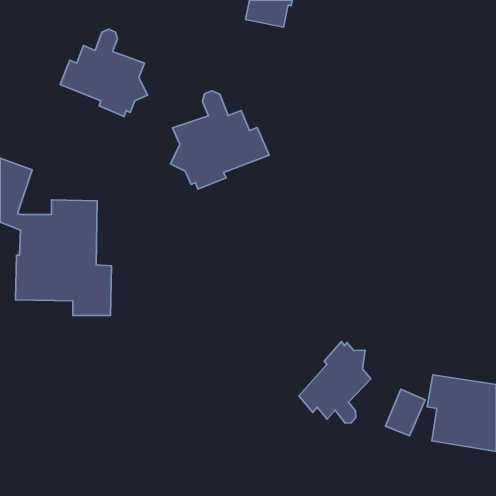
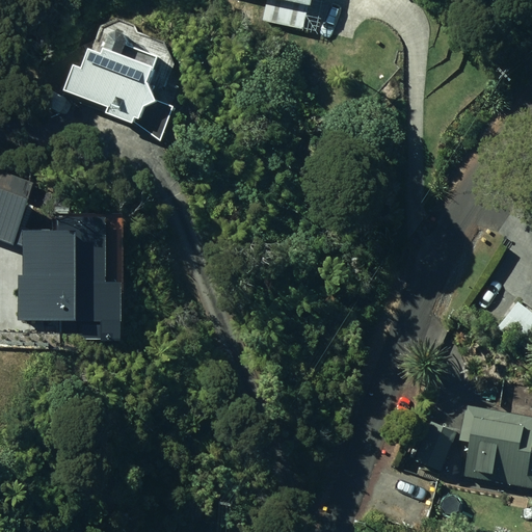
building: [171,91,269,189] -> none
building: [299,342,371,423] -> none

